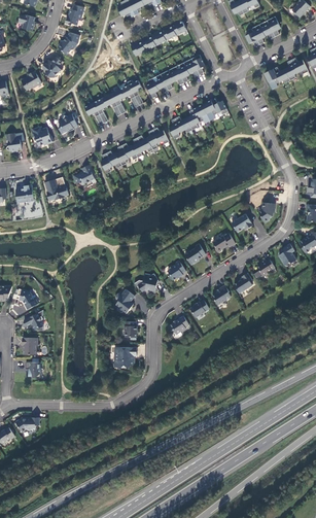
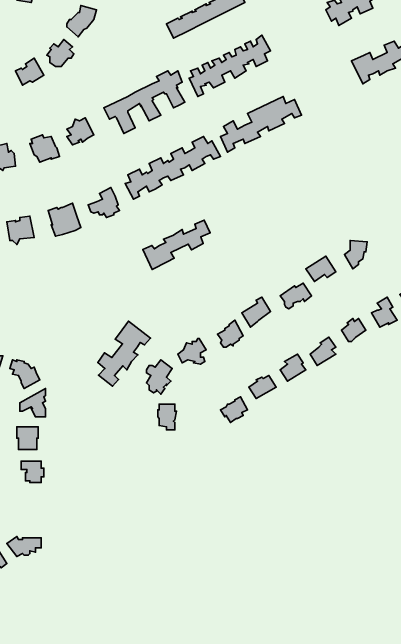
building: none -> [143,220,210,270]
building: none -> [98,321,150,386]
building: [114,347,136,368] -> none

